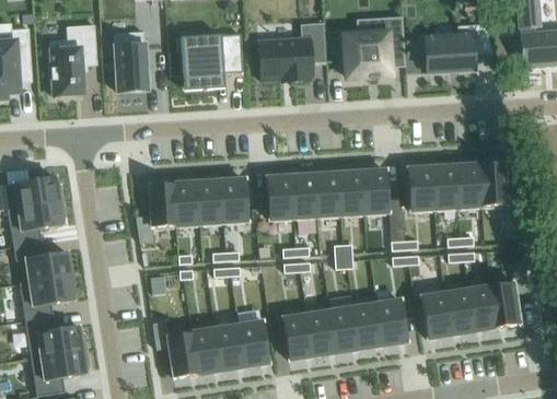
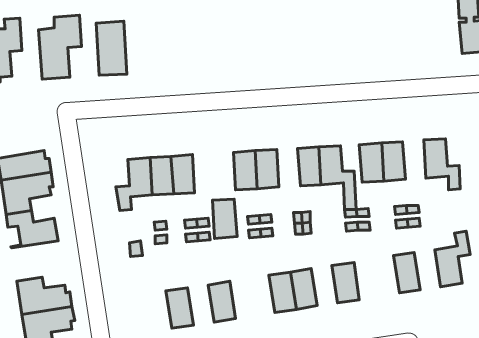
building: [344,15,405,78] -> none
building: [258,22,326,81] -> none
building: [425,23,492,72] -> none
building: [181,33,243,90] -> none
building: [455,163,481,207] -> none
building: [315,173,341,215] -> none
building: [221,178,248,222] -> [213,199,237,239]
building: [20,275,74,320] -> none
building: [468,285,498,330] -> none
building: [420,292,452,338] -> none
building: [353,303,383,348] -> none
building: [282,314,313,359] -> none
building: [152,320,198,377] -> none
building: [216,325,245,369] -> none

